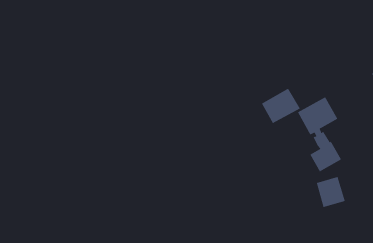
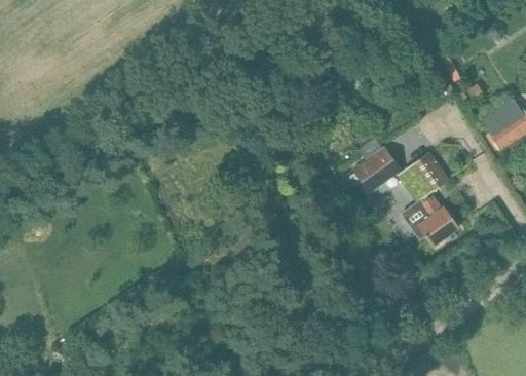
building: [316,176,346,208] -> none

